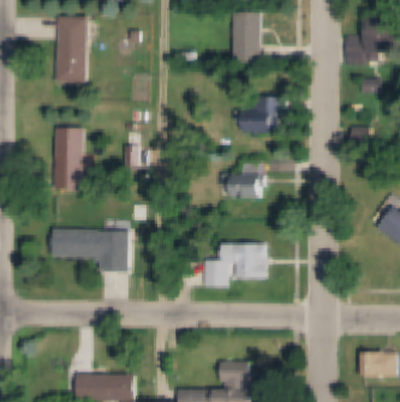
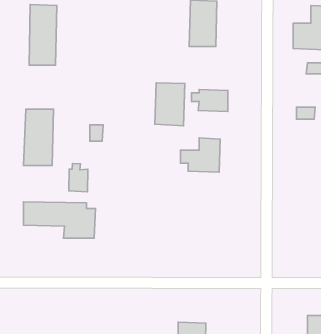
building: none -> [155,83,185,126]
building: none -> [69,163,88,192]
building: [203,245,267,286] -> none

